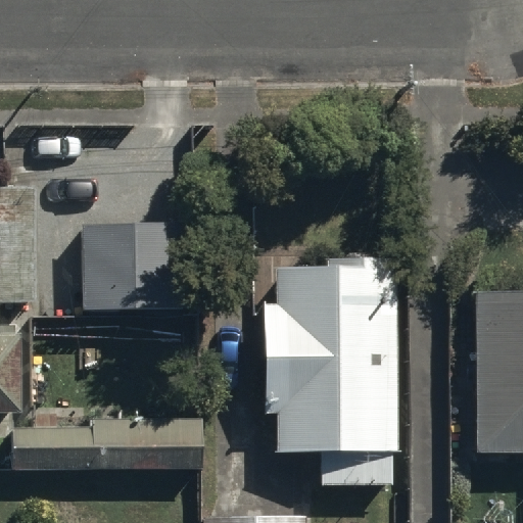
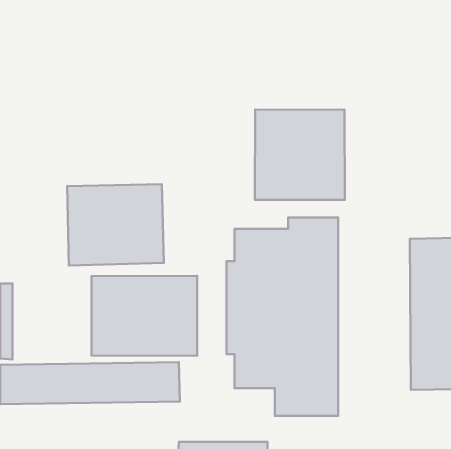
building: none -> [255,110,345,200]
building: none -> [91,276,197,356]

